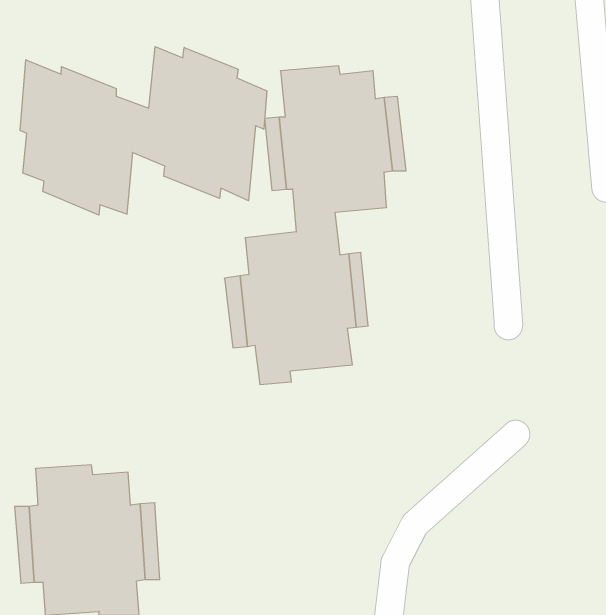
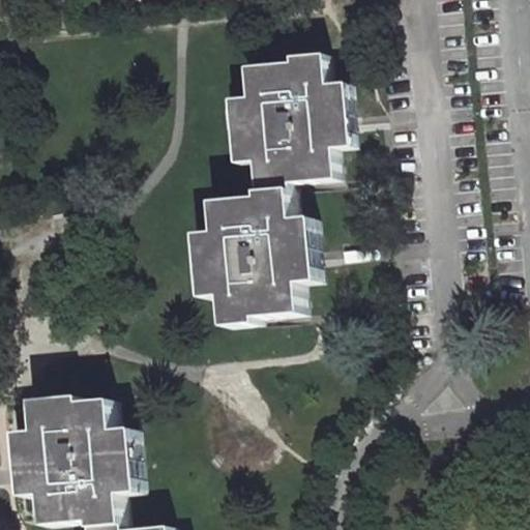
building: [20,47,267,215] -> none

